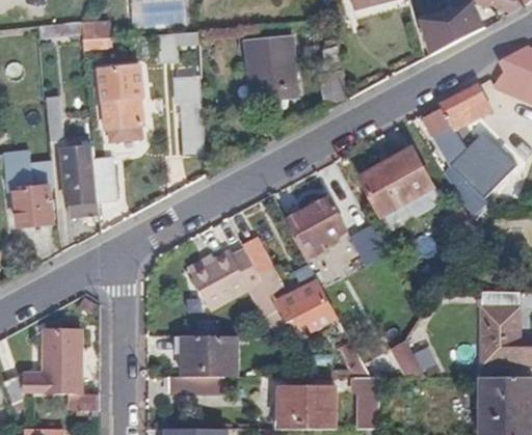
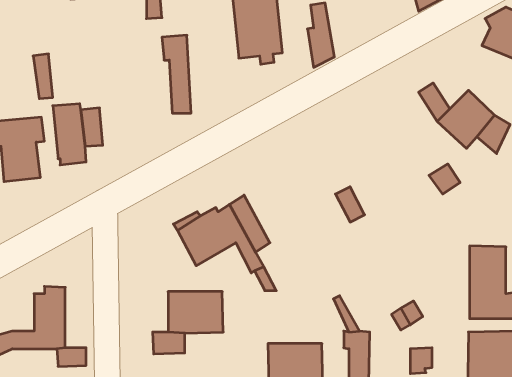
building: [98,70,143,140] -> none
building: [421,84,486,135] -> none
building: [362,148,432,228] -> none
building: [286,198,343,259] -> none
building: [277,278,338,328] -> none

